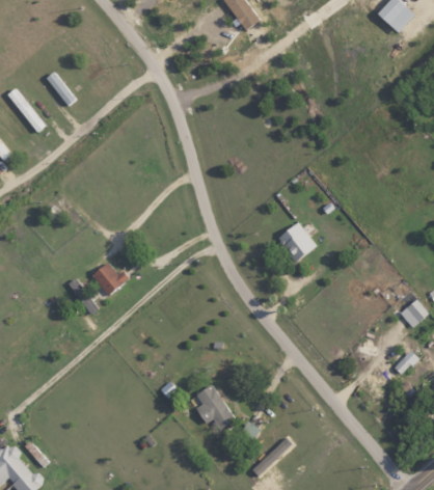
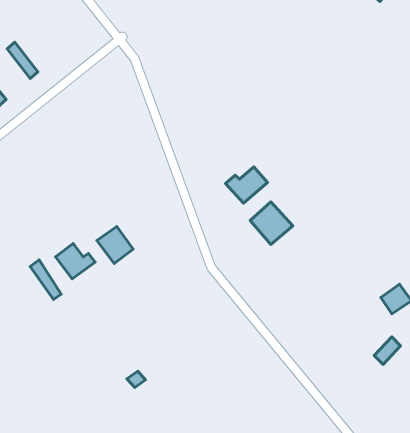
building: none -> [226,167,267,203]
building: none -> [97,227,133,264]
building: [195,384,234,429] -> none

